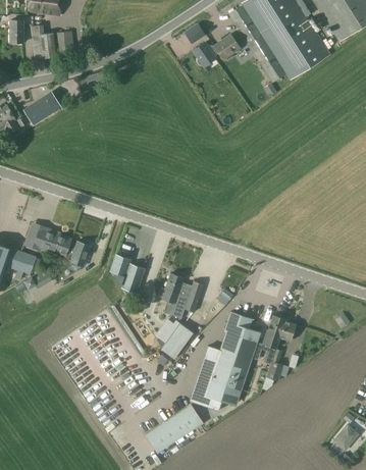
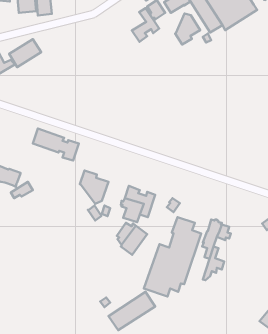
building: none -> [132,8,159,42]
building: none -> [175,13,200,45]
building: [33,227,90,267] -> [33,129,79,161]

